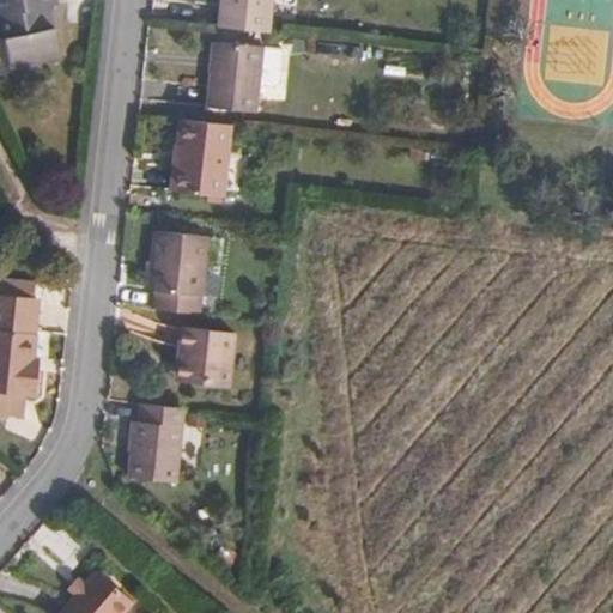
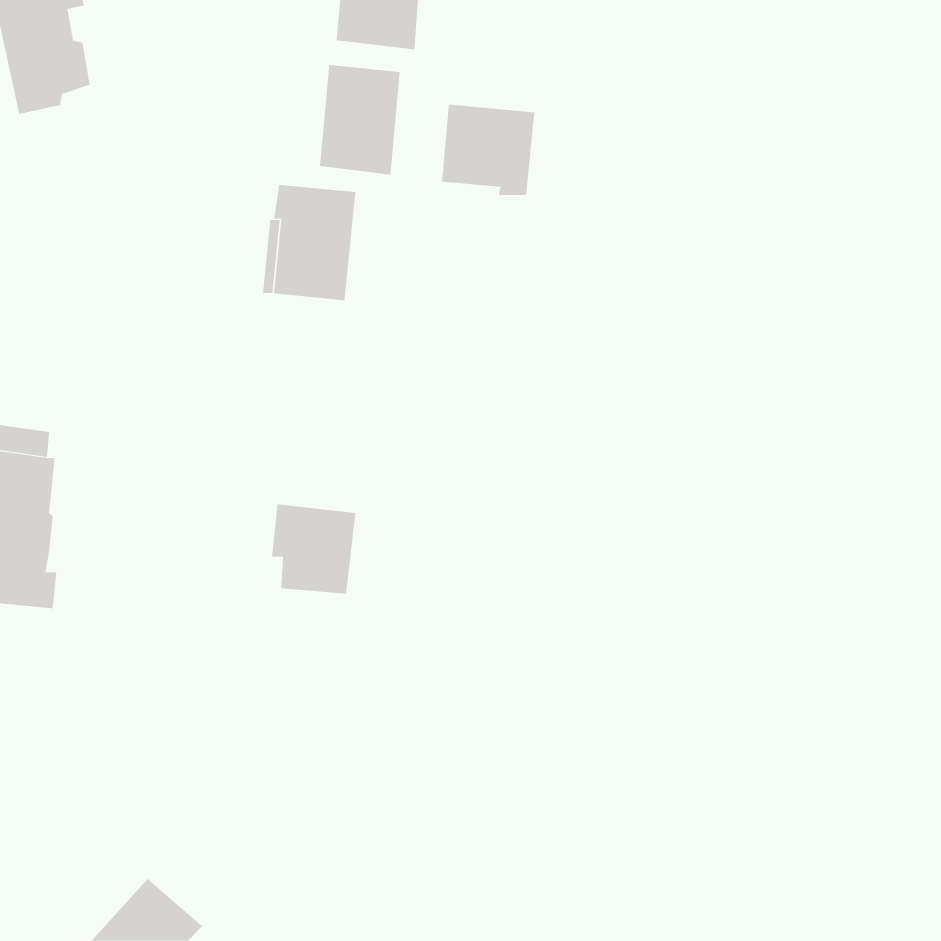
building: none -> [442,104,535,196]
building: [148,231,206,314] -> none
building: [127,405,183,482] -> none

